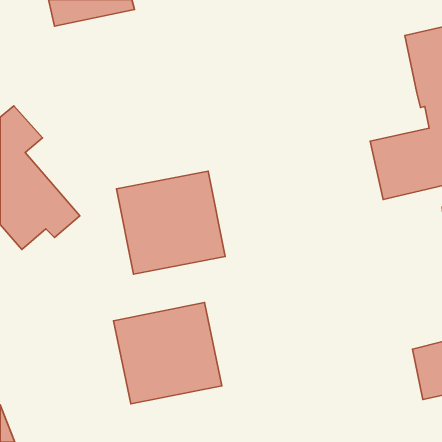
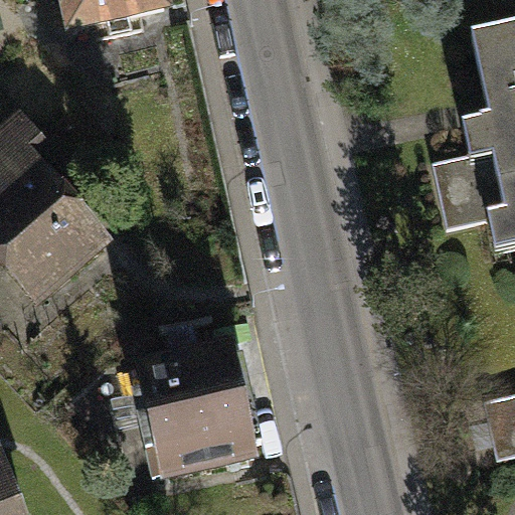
building: [116,171,225,274] -> none

